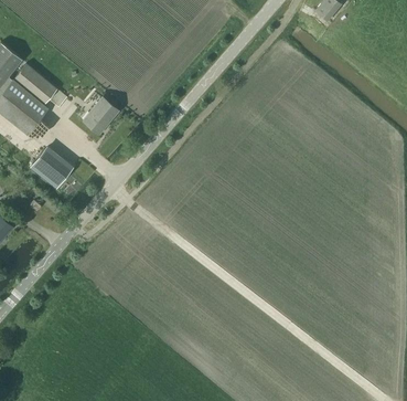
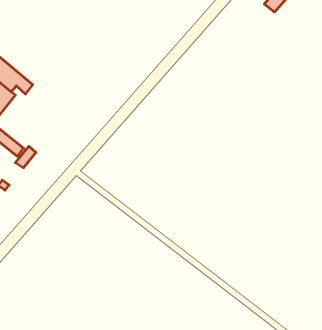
building: [83,97,117,134] -> none

